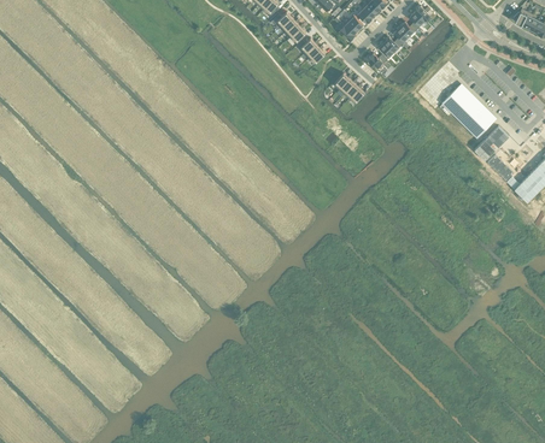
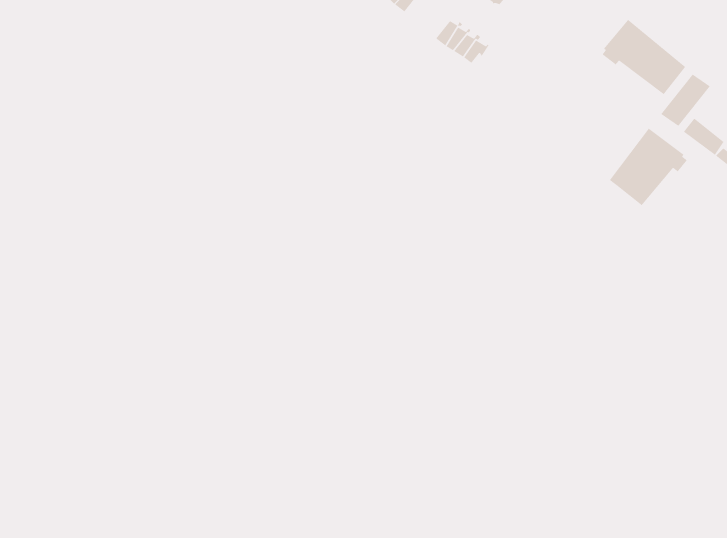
building: none -> [609,127,688,206]

